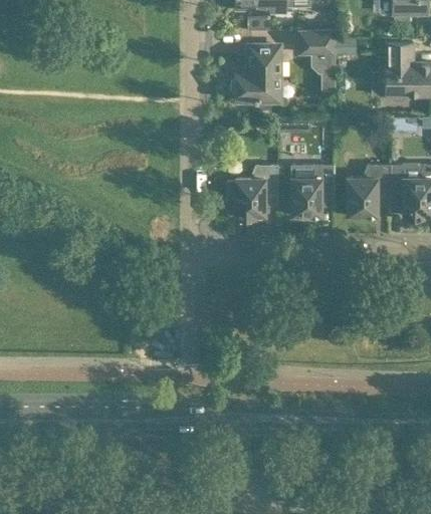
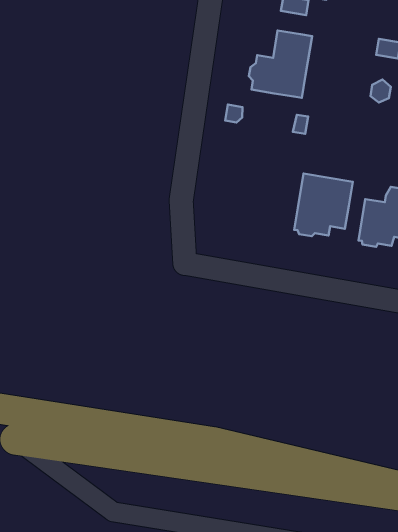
building: [301,30,335,72] -> none
building: [227,165,278,218] -> none

